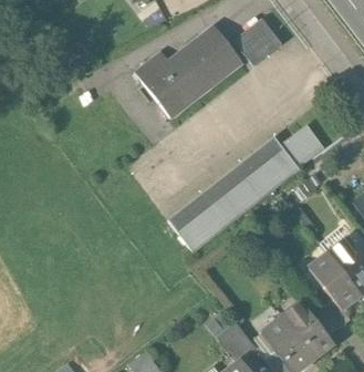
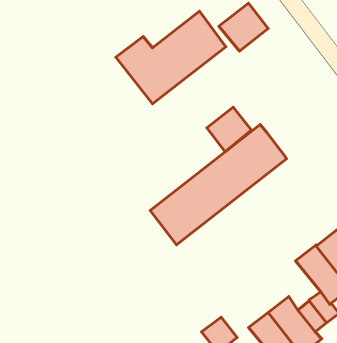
building: [281,124,324,167] -> [207,107,252,152]

